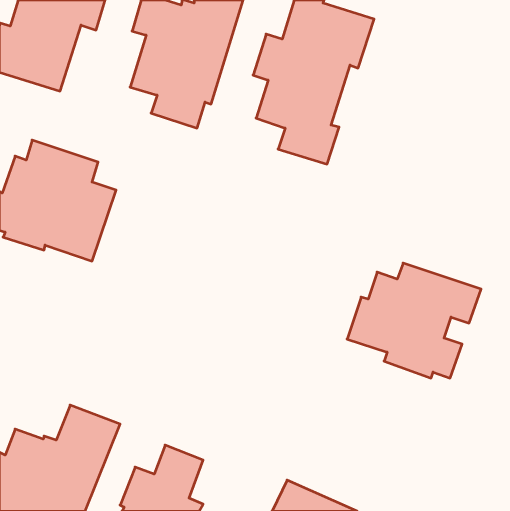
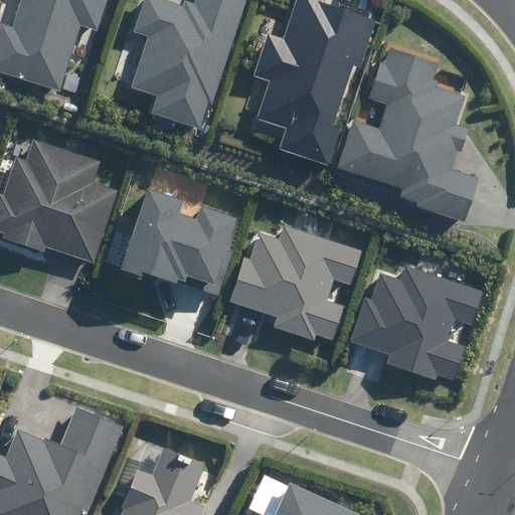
building: none -> [338,48,479,222]
building: none -> [120,189,236,296]
building: none -> [227,227,360,340]

